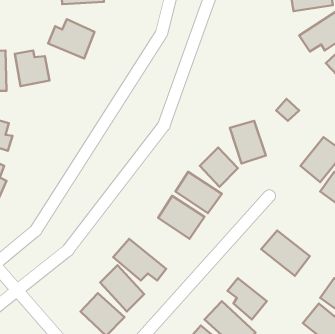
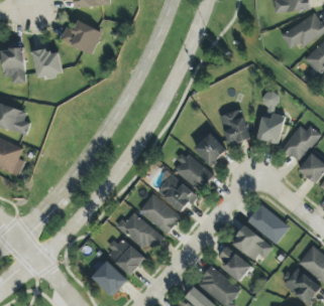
building: none -> [256,112,286,144]
building: none -> [139,193,182,234]
building: none -> [232,225,273,260]

